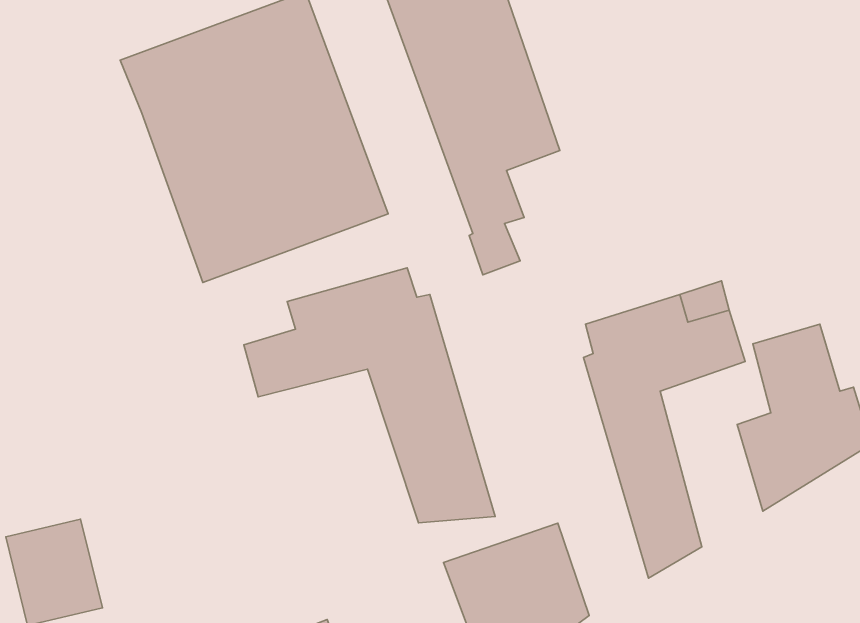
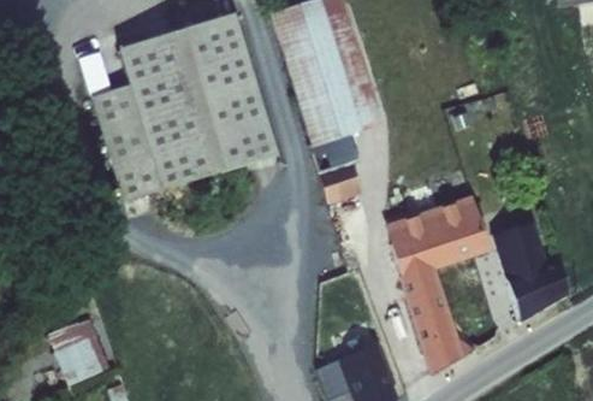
building: none -> [85,88,160,205]
building: [244,268,495,523] -> none

